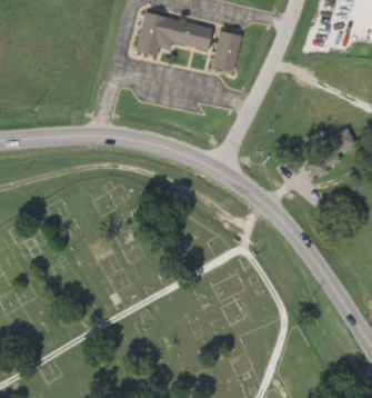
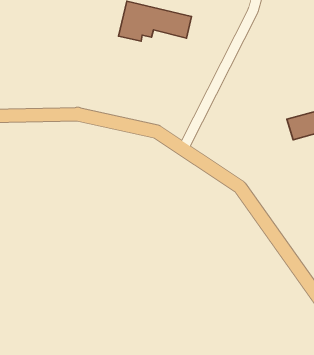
building: [212,30,242,71] -> none

